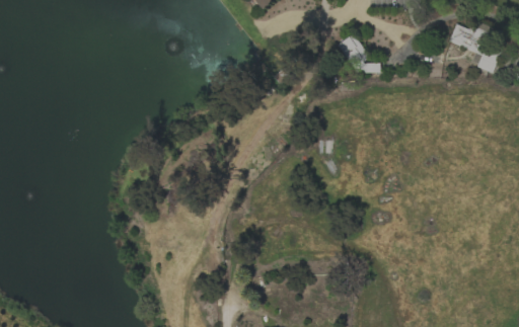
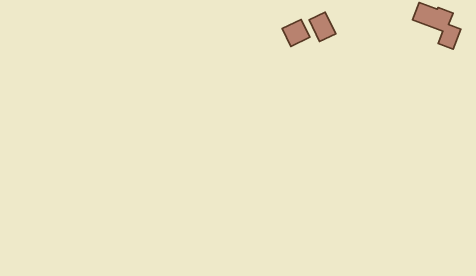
building: none -> [282,19,310,46]

